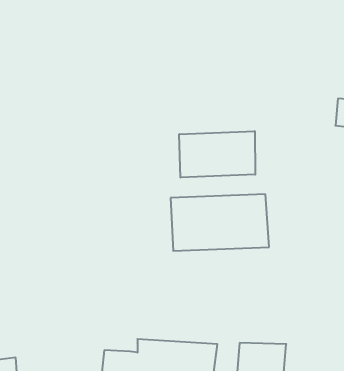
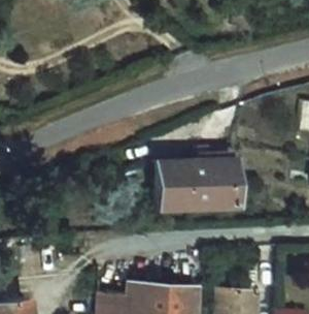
building: [179,131,255,178] -> none

